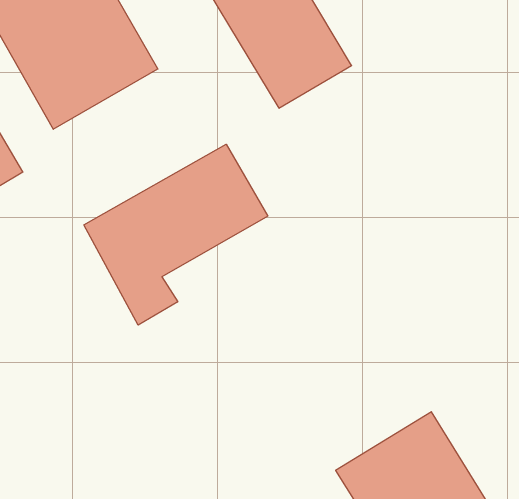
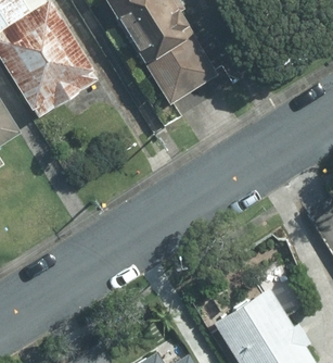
building: [84,144,268,325] -> none

